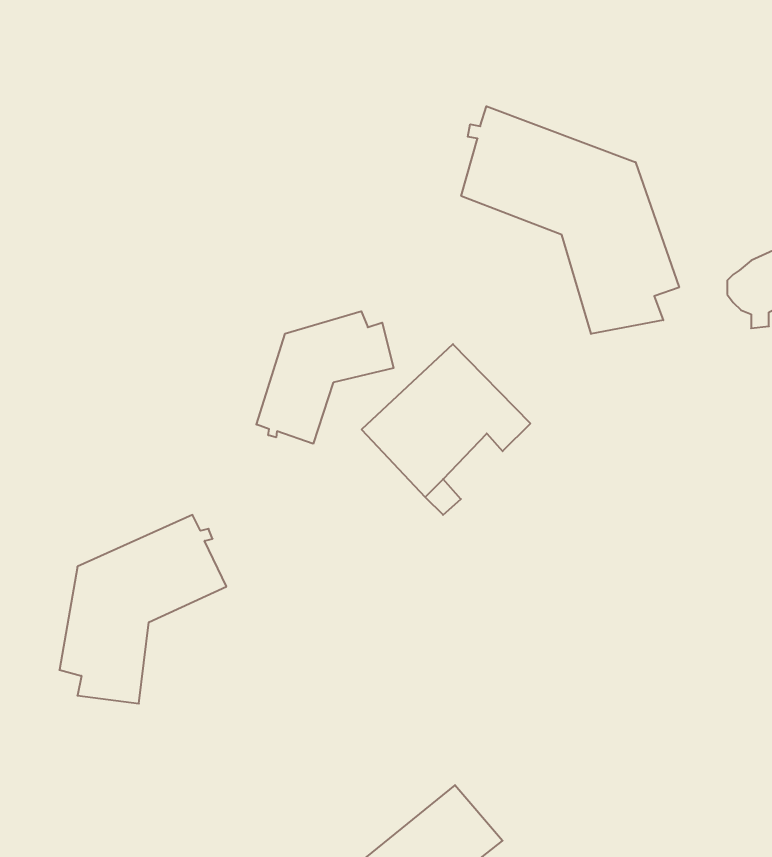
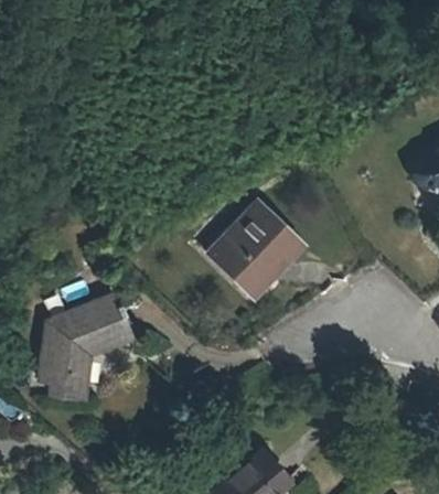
building: [461,106,679,334] -> none
building: [256,311,394,444] -> none

